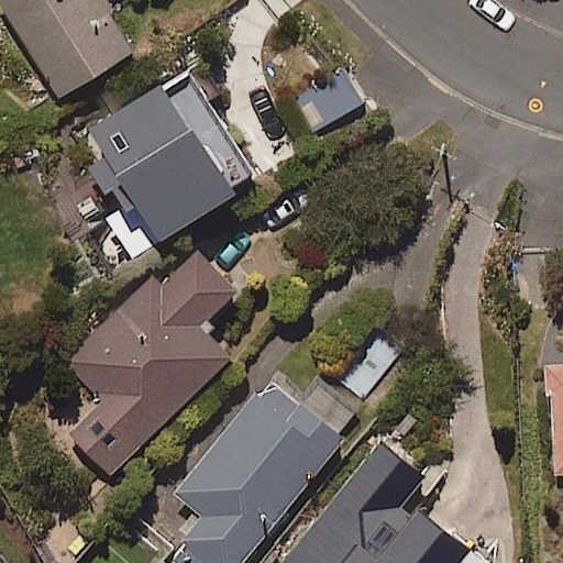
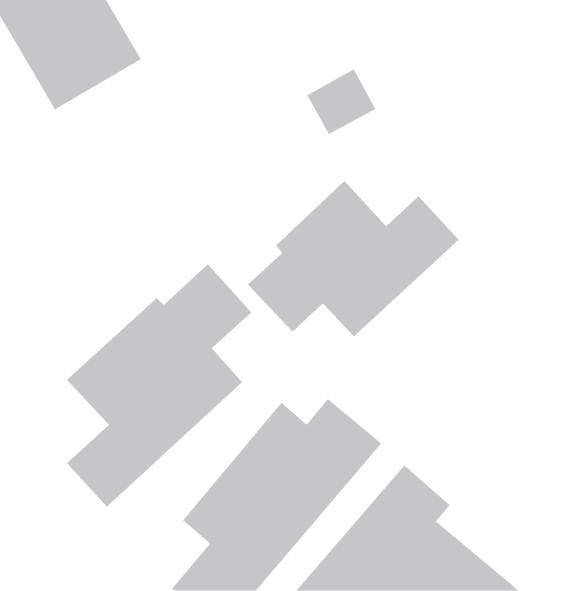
building: [71,73,275,258] -> none
building: none -> [247,180,459,337]

